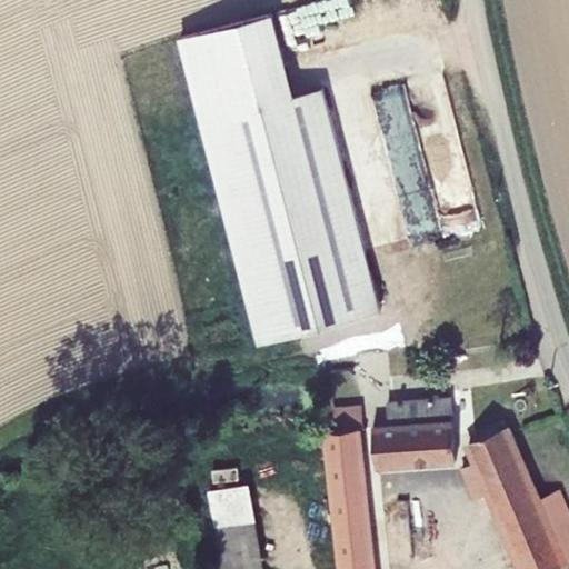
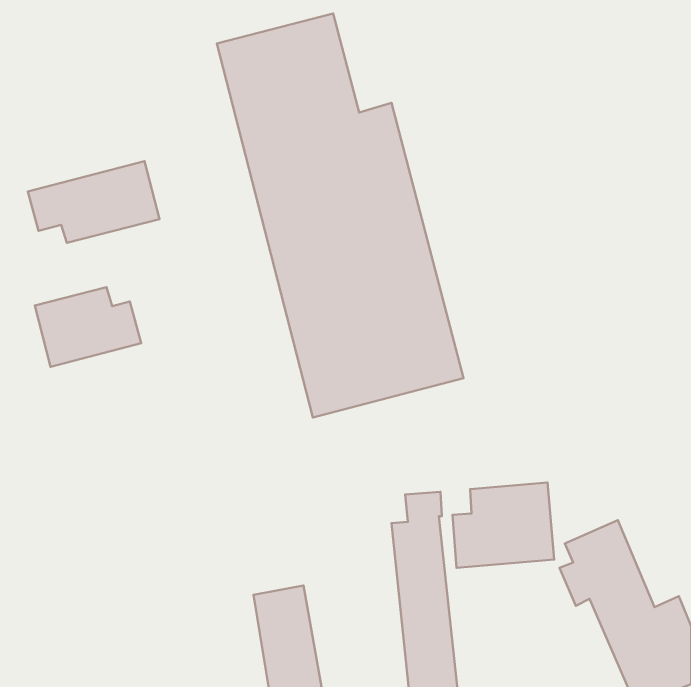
building: none -> [28,161,159,243]
building: none -> [35,287,141,367]

